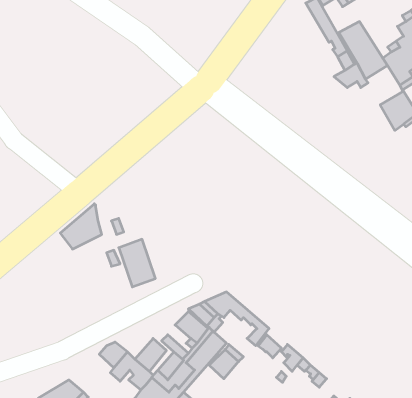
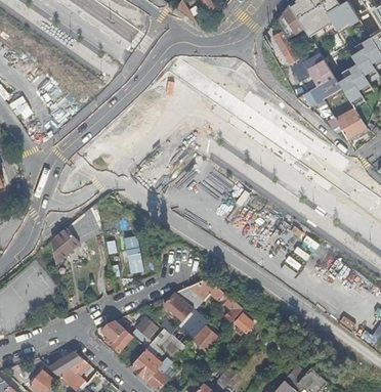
building: none -> [51,227,80,264]

